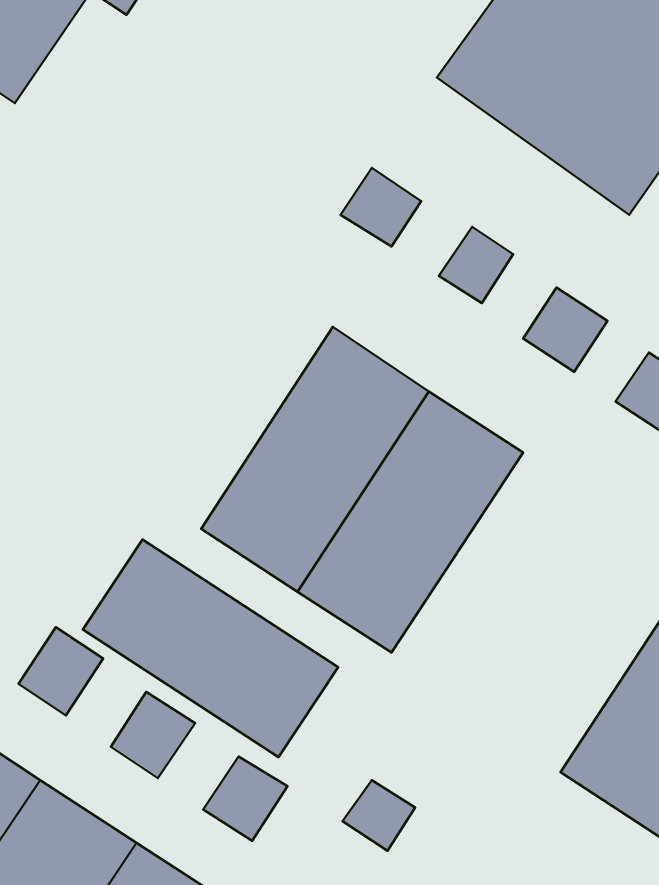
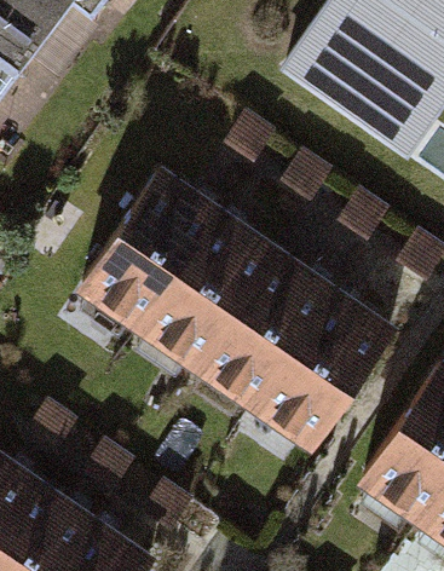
building: none -> [76,173,221,339]
building: none -> [258,292,394,451]
building: [83,540,338,757] -> none

